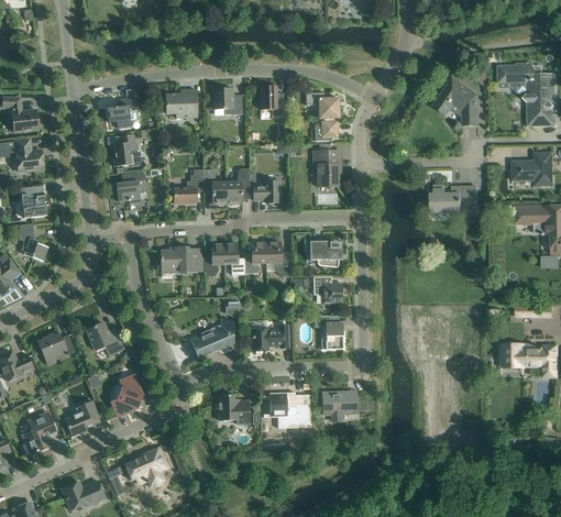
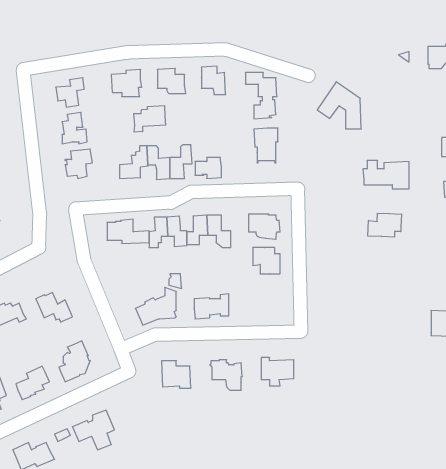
building: [432,76,479,125] -> [317,82,361,129]
building: none -> [134,106,165,132]
building: none -> [368,213,401,237]
building: [315,316,343,349] -> none

